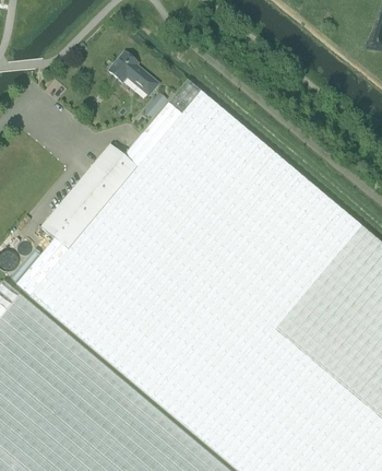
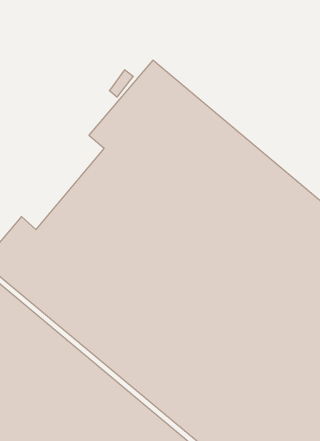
building: [109,54,158,96] -> none
building: [41,146,139,252] -> none

